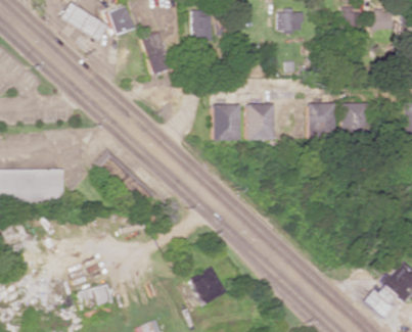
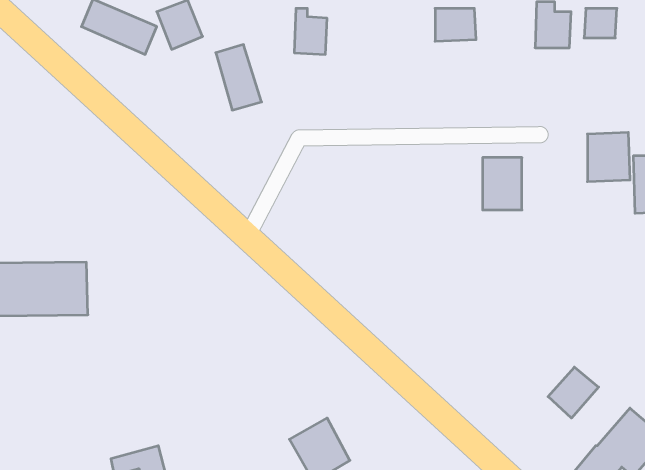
building: [342,102,369,133] -> [587,132,630,182]
building: [247,103,274,140] -> none
building: [213,104,239,140] -> none
building: none -> [548,367,599,418]

